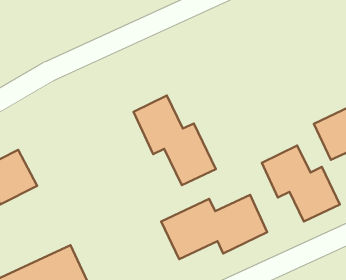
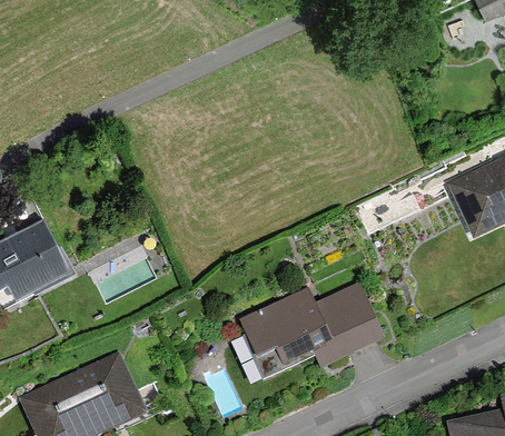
building: [134,95,216,185] -> none
building: [262,145,340,222] -> none

